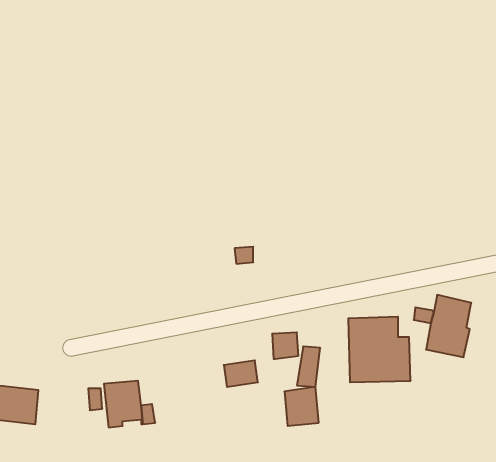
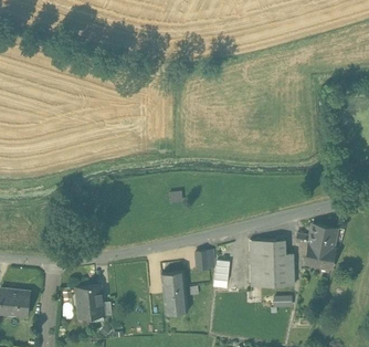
building: [284,387,319,426] -> [164,286,188,314]

